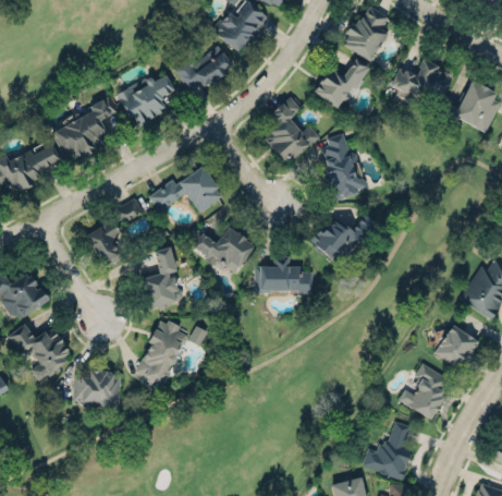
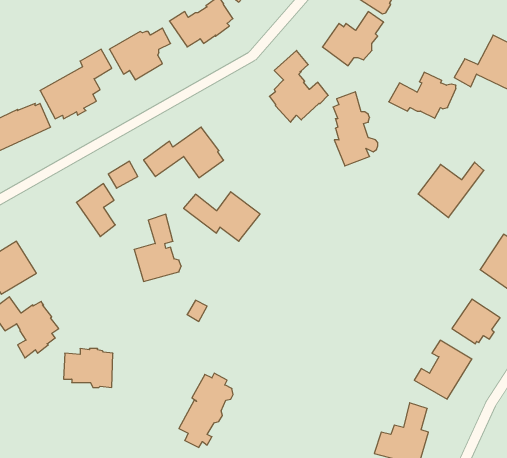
building: [390,58,452,100] -> [389,72,456,118]
building: [313,214,374,265] -> [418,162,484,218]
building: [255,256,311,293] -> none
building: [136,319,186,388] -> [179,373,233,447]

